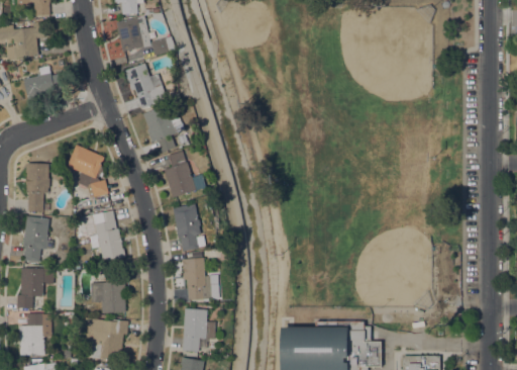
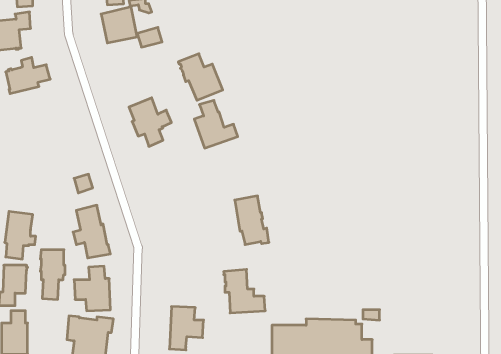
building: [124,64,168,109] -> [178,54,223,100]
building: [67,146,104,187] -> none
building: [164,152,206,198] -> [194,100,238,148]
building: [25,164,49,212] -> [40,250,65,299]
building: [173,204,206,252] -> [235,196,269,245]
building: [182,258,222,300] -> [224,269,265,313]

